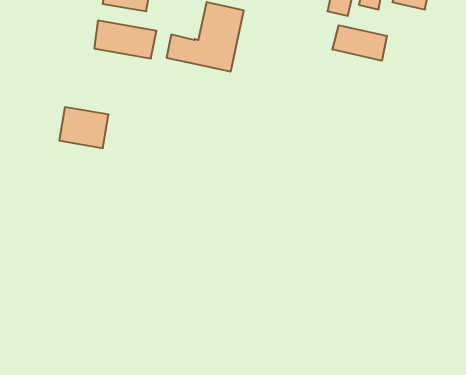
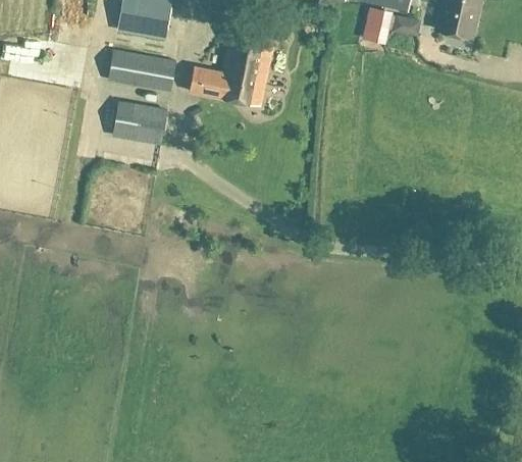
building: [332,25,387,61] -> none
building: [59,107,109,148] -> [114,100,168,145]

